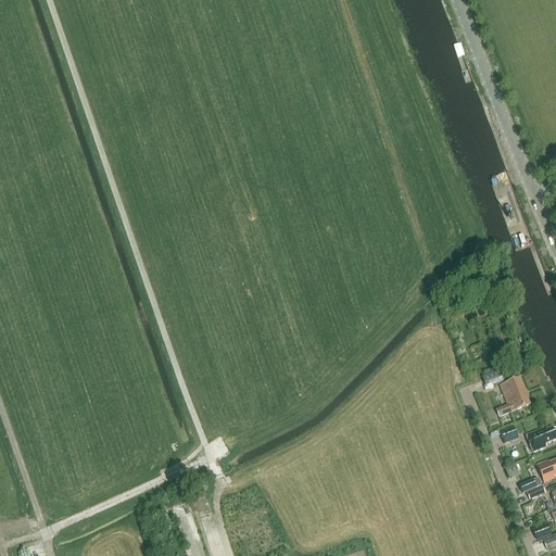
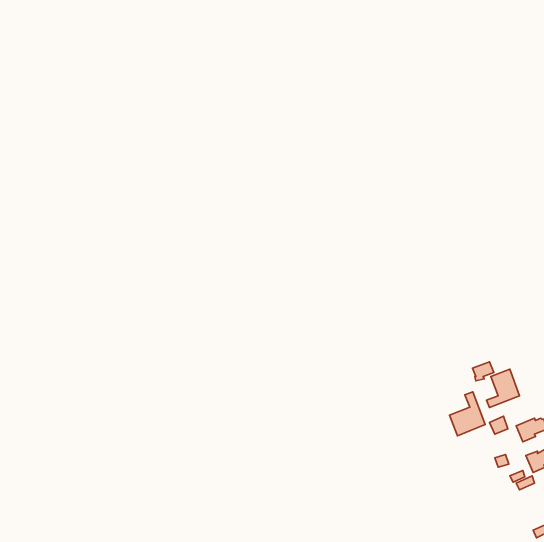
building: none -> [449,392,485,436]

